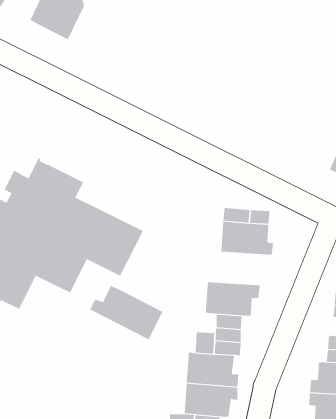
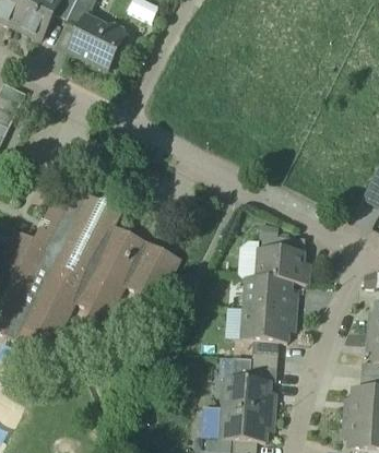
building: none -> [244,277,297,311]
building: [89,285,163,340] -> none

